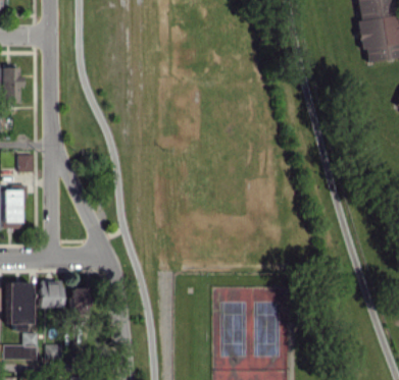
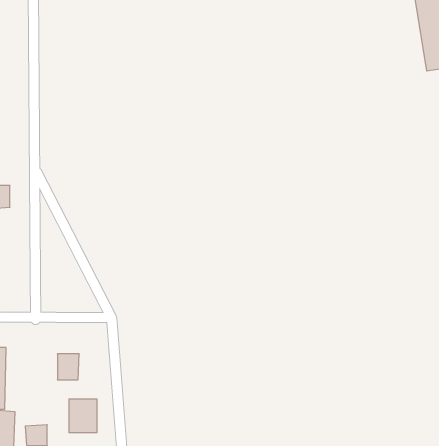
building: [41,281,63,308] -> [69,399,97,433]

